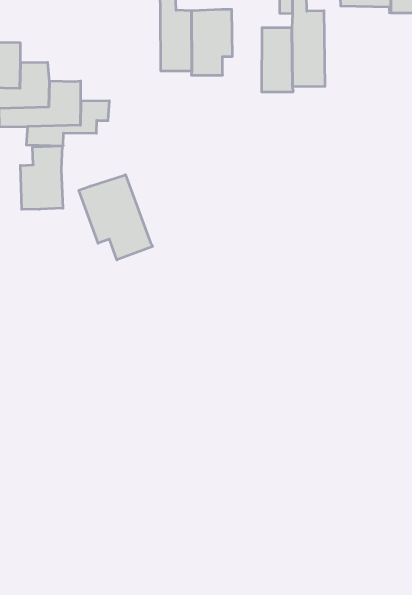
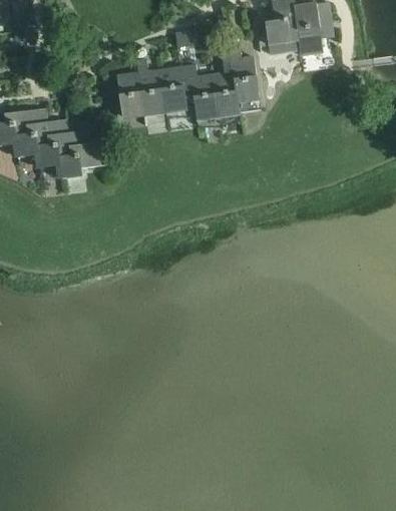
building: none -> [188,63,218,122]
building: none -> [109,72,144,118]
building: [20,146,63,209] -> none
building: [79,175,153,260] -> none

